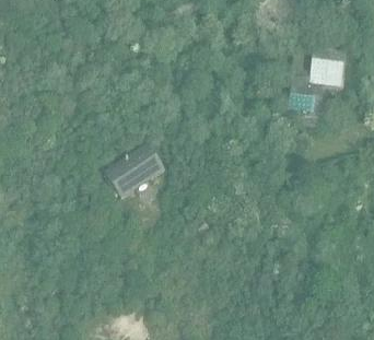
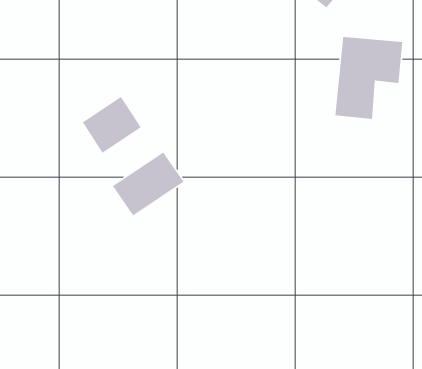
building: none -> [82,96,142,154]

